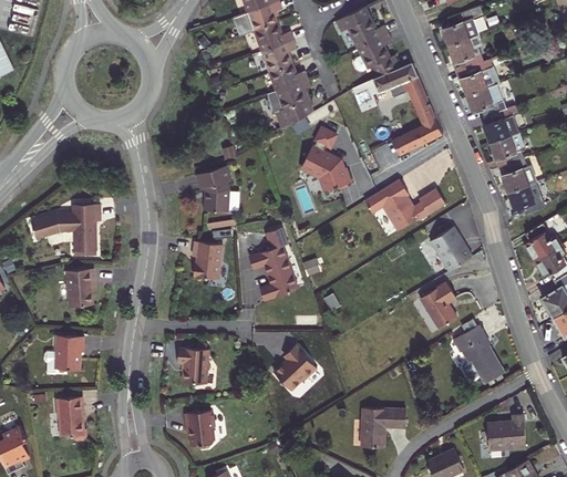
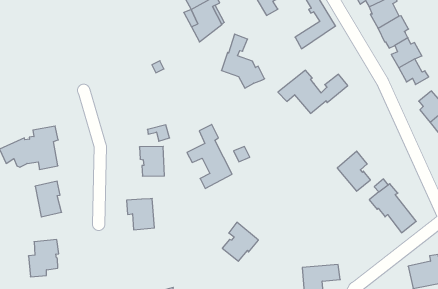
building: [196,165,230,211] -> none
building: [426,228,468,272] -> none
building: [177,346,208,383] -> [127,199,154,230]

